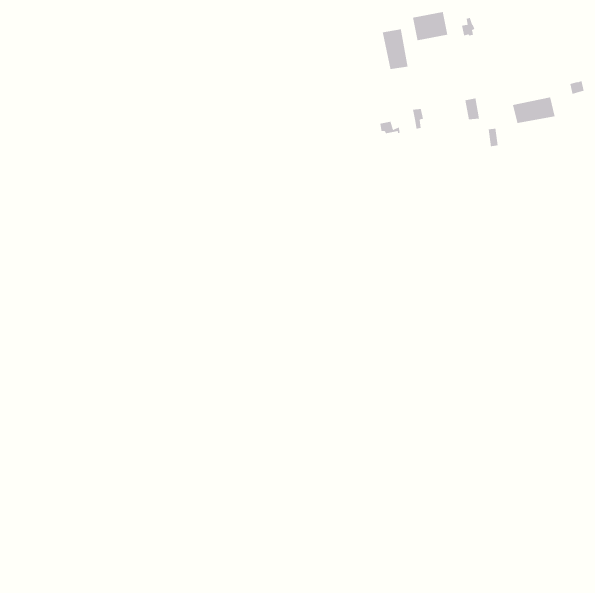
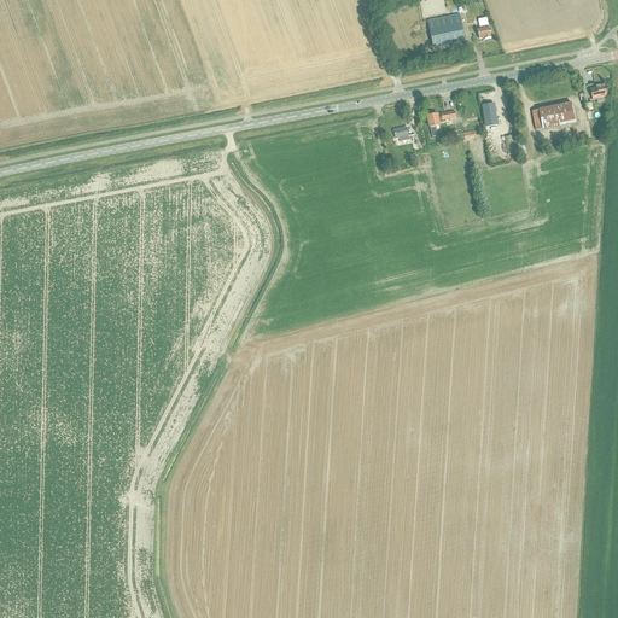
building: [382,29,408,70] -> none

